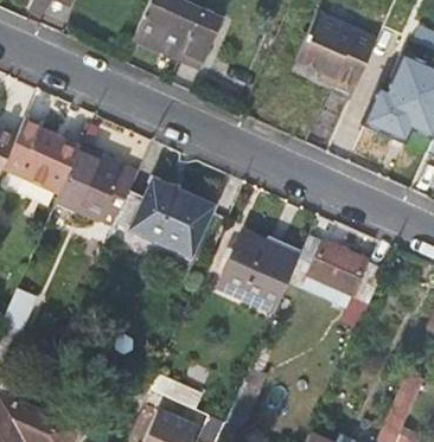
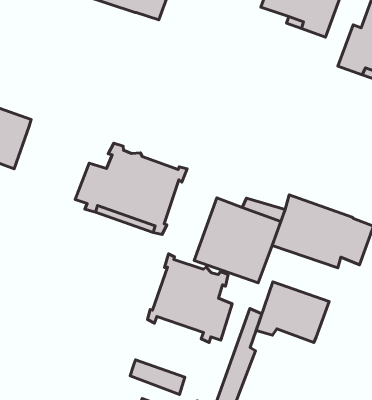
building: [55,153,135,224] -> none
building: none -> [148,254,232,342]
building: none -> [256,282,329,342]

